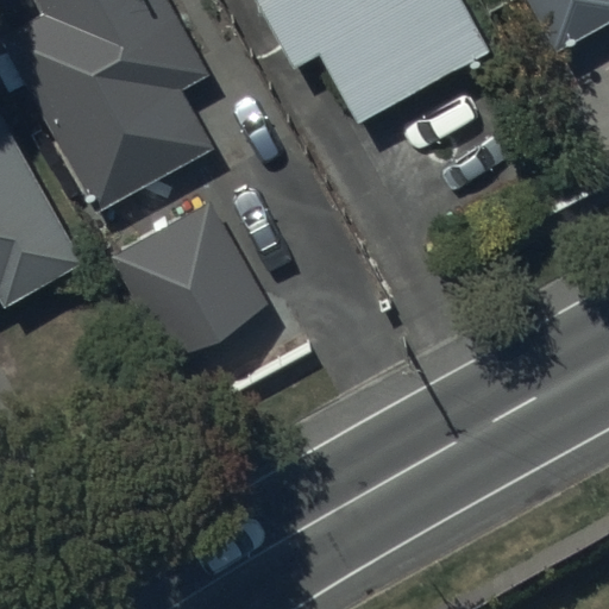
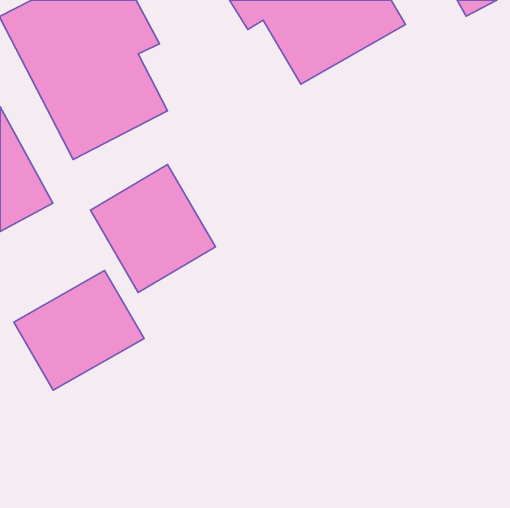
building: none -> [14,270,144,390]

